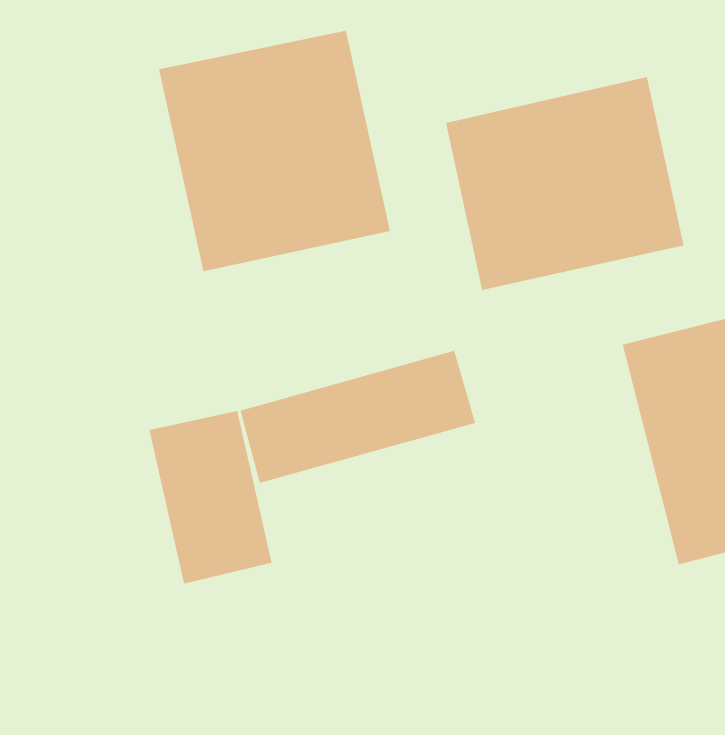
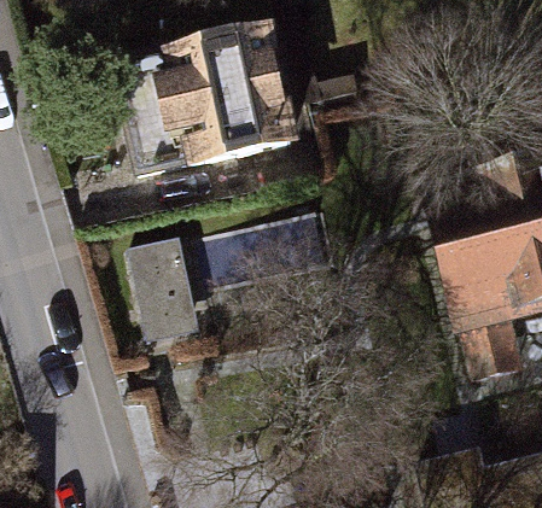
building: [445,76,685,291] -> none

